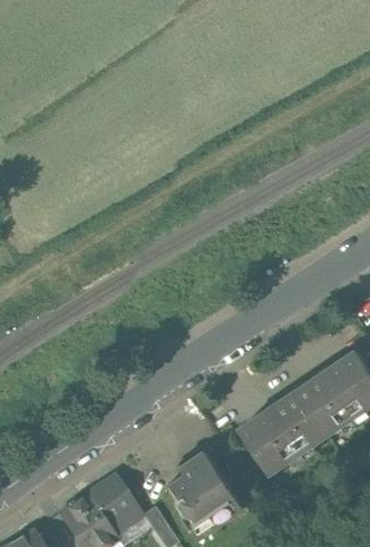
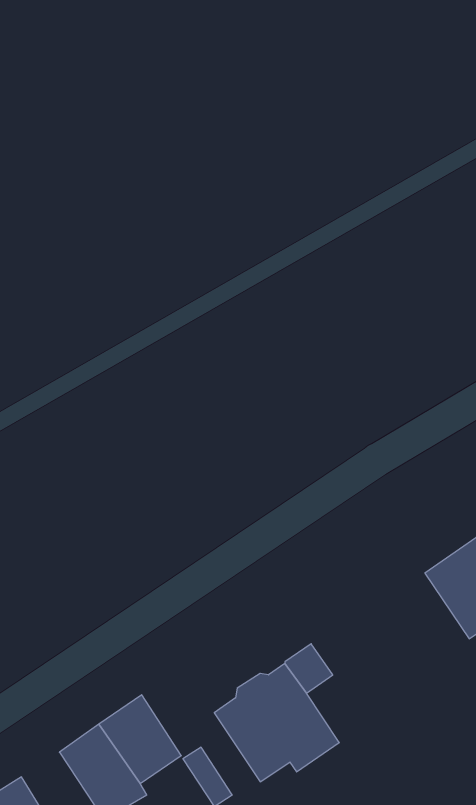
building: [245,389,333,472] -> none

